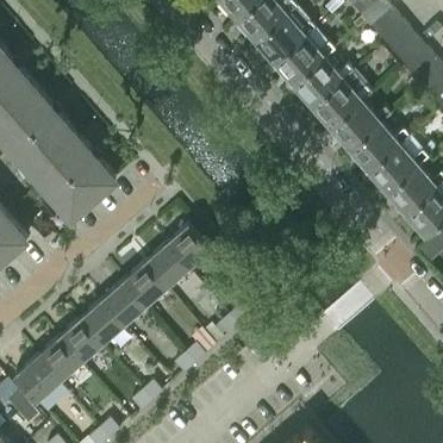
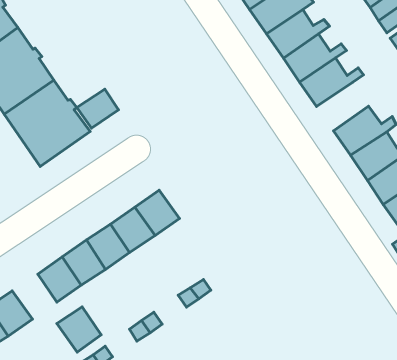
building: [330,100,389,149] -> none
building: none -> [77,89,118,128]
building: [58,319,102,363] -> [57,307,101,352]

